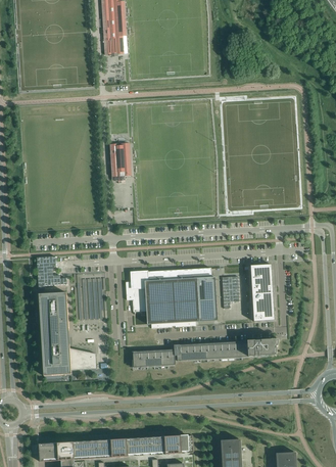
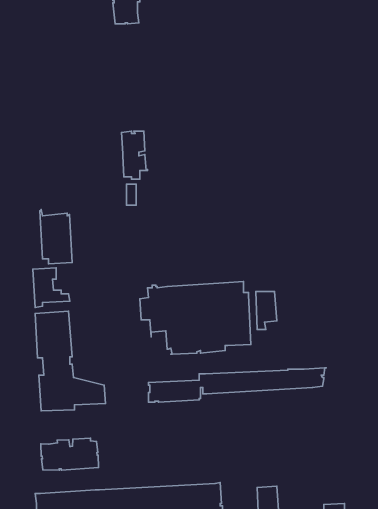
building: [251,265,275,321] -> none
building: [78,274,104,319] -> [40,210,72,264]
building: none -> [41,438,98,470]

